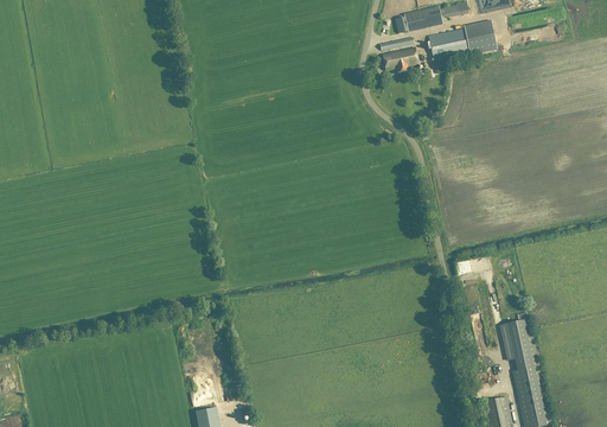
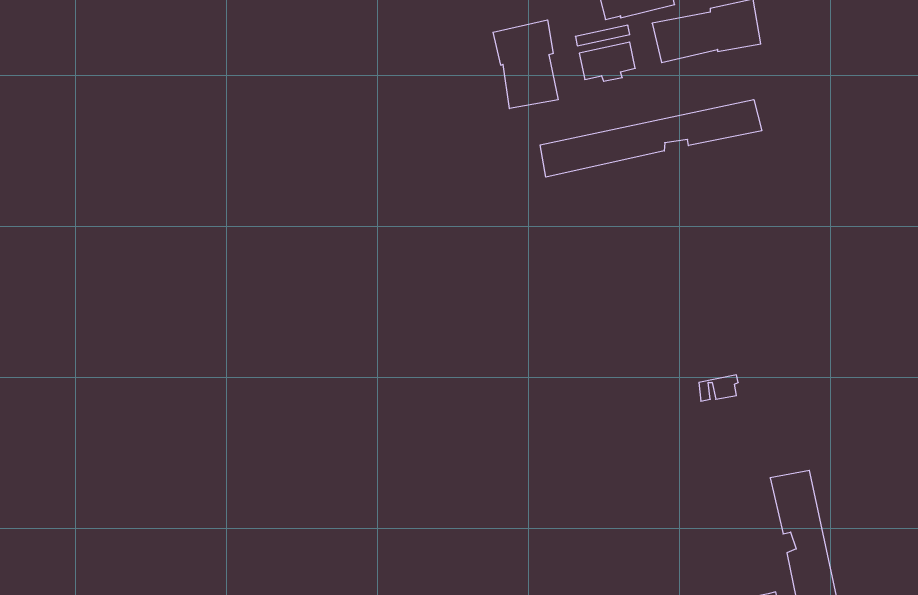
building: none -> [493,20,558,109]
building: none -> [540,100,762,177]

